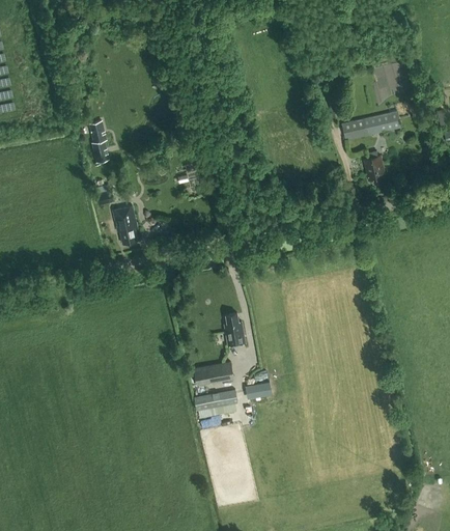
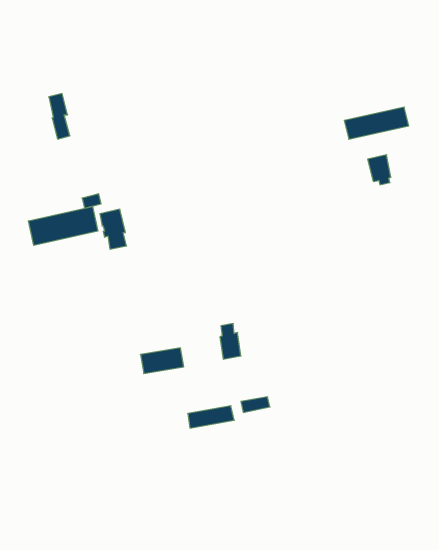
building: [89,120,109,163] -> [49,94,70,139]
building: none -> [29,206,98,245]
building: [194,362,234,386] -> [140,348,184,374]

